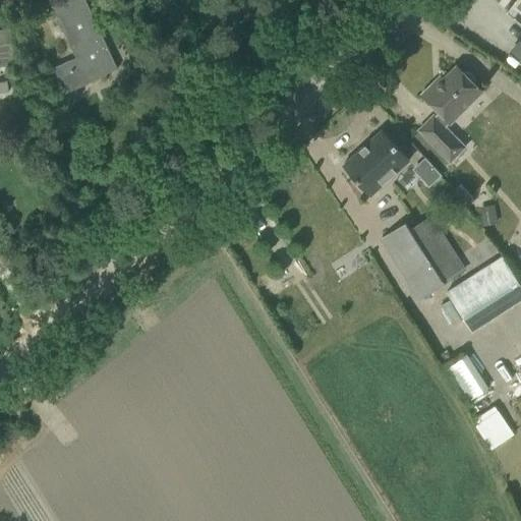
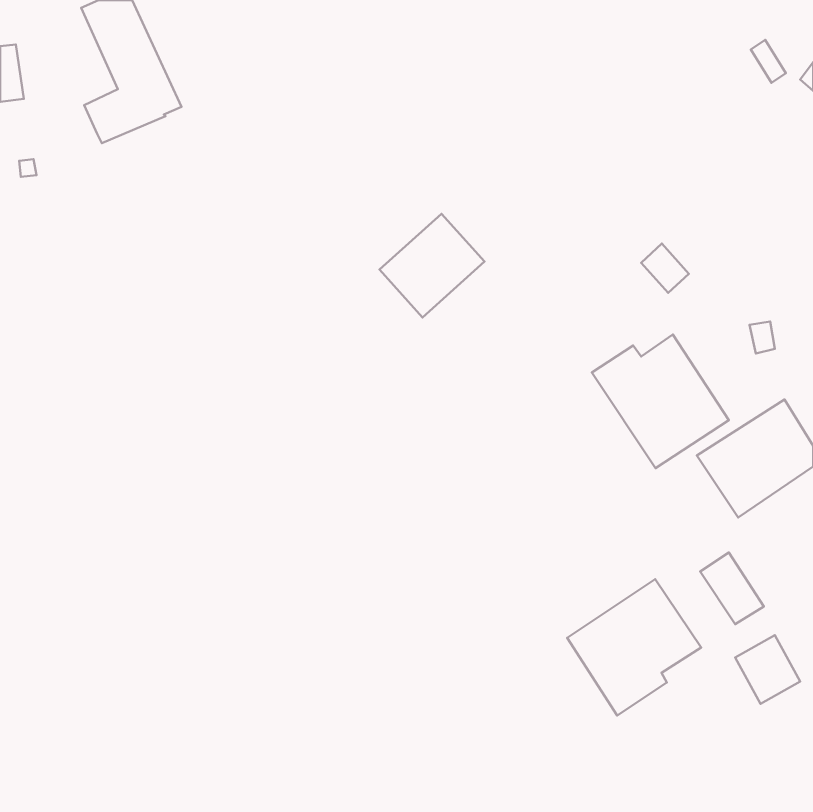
building: [418,66,481,163] -> none
building: [342,130,409,196] -> [380,214,485,317]
building: none -> [567,579,701,716]

